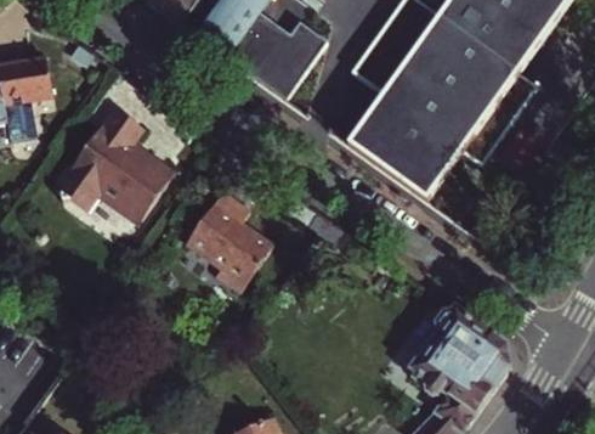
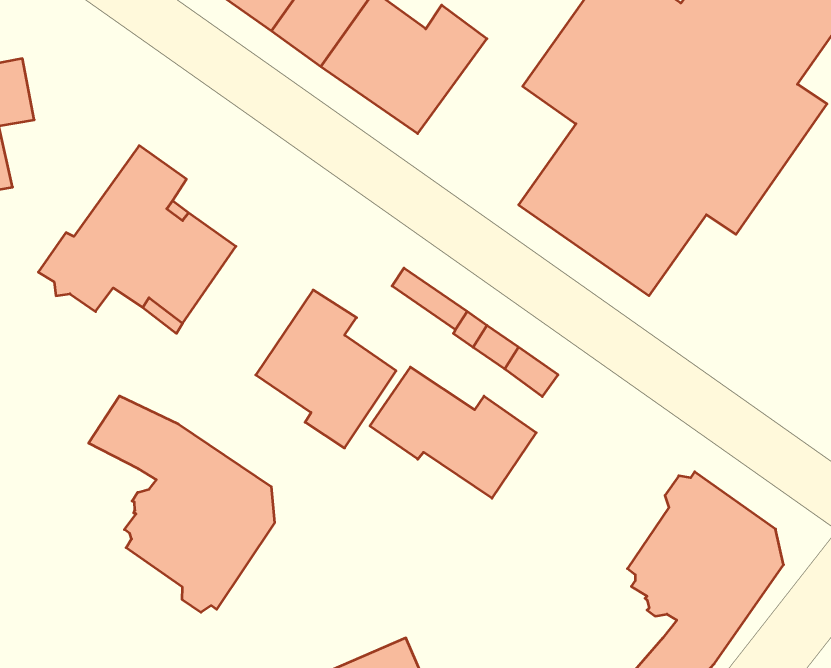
building: none -> [370,367,536,498]
building: none -> [89,396,275,612]

